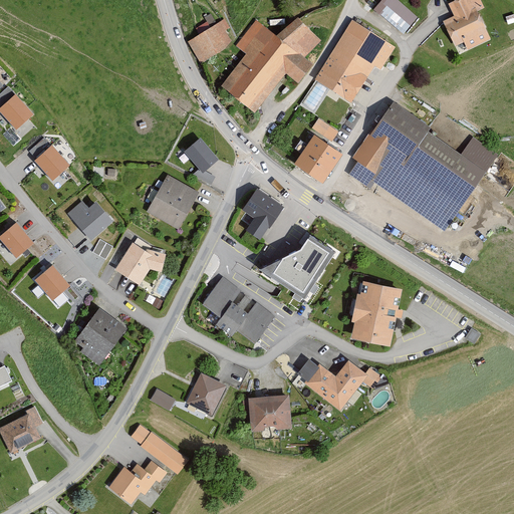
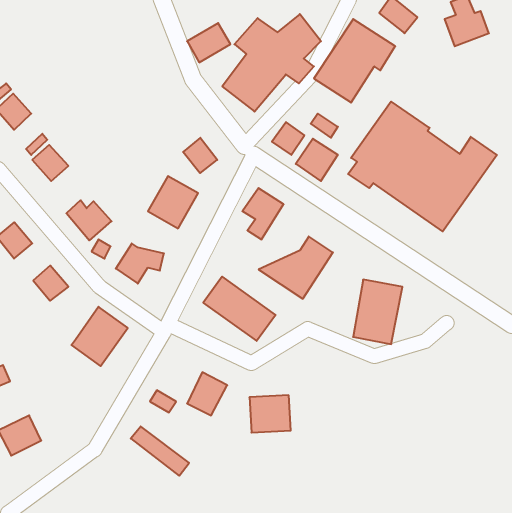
building: none -> [272,122,304,155]
building: [304,359,366,410] -> none
building: [108,460,167,505] -> none

